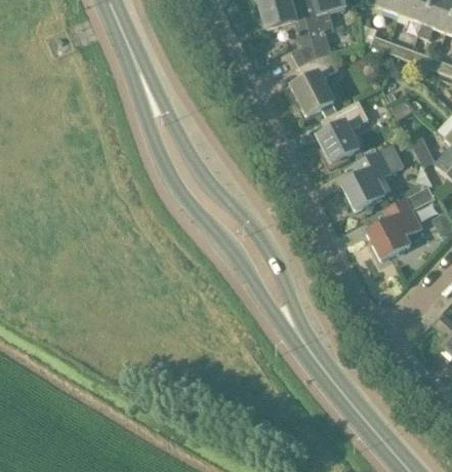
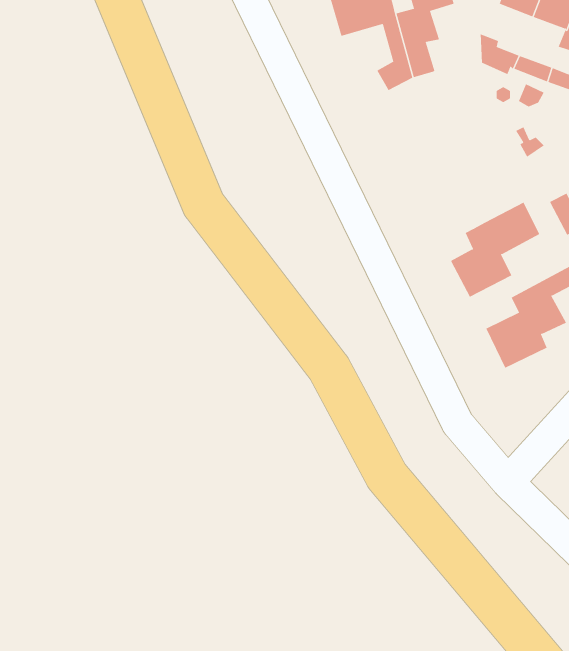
building: [291,52,338,115] -> none
building: [317,100,369,163] -> none

